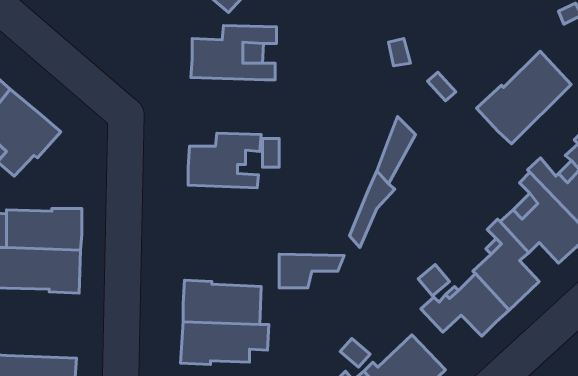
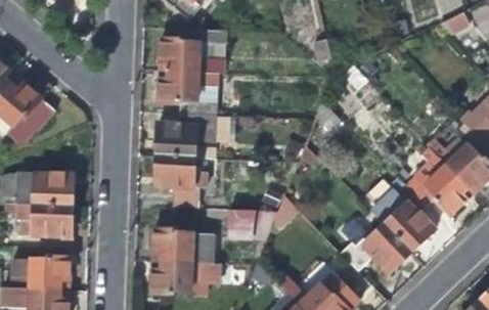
building: [477,51,571,144] -> none
building: none -> [159,69,218,114]
building: none -> [157,153,216,207]
building: none -> [14,256,71,290]

